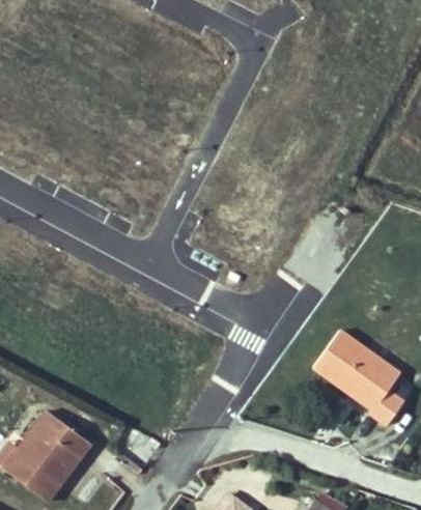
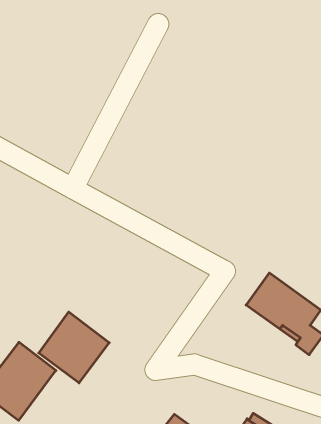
building: none -> [39,312,109,383]

